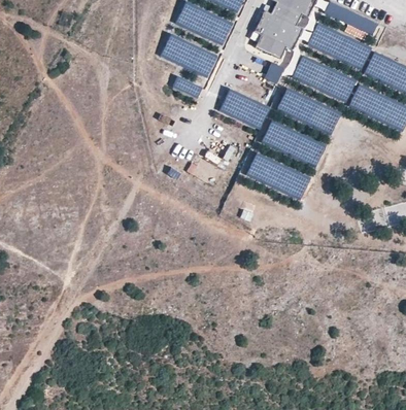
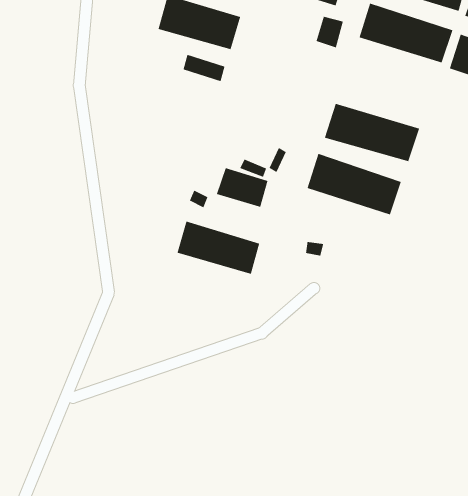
building: [217,89,270,129] -> none
building: [278,89,342,134] -> none
building: none -> [176,220,260,275]

